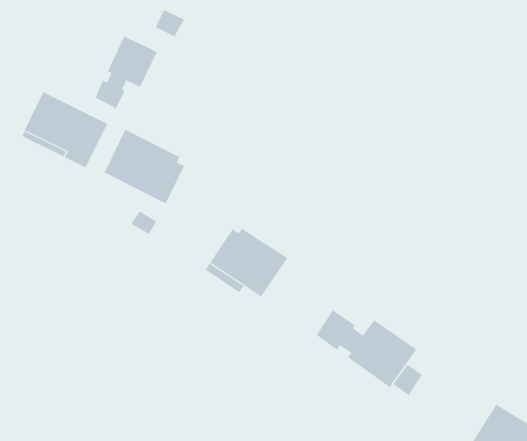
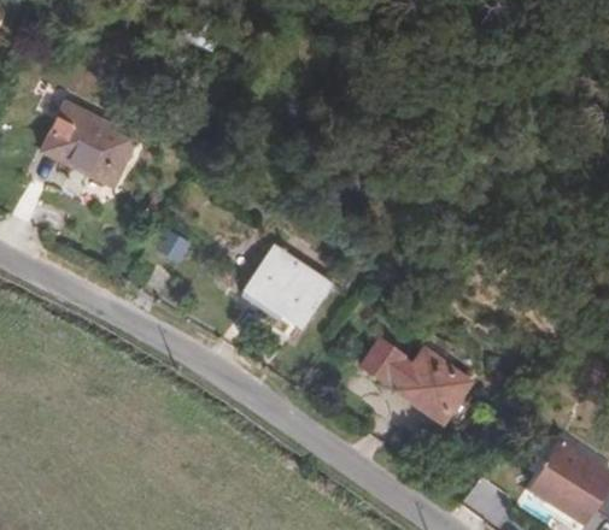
building: [95,35,158,109] -> none
building: [104,129,185,204] -> none

